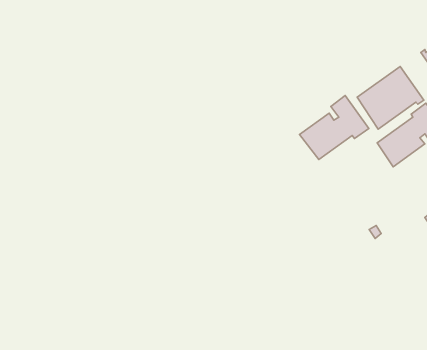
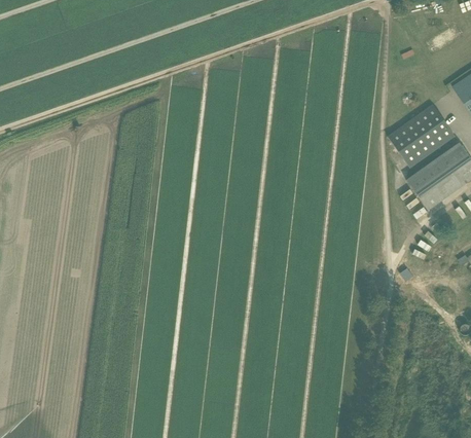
building: [300,95,369,159] -> none

